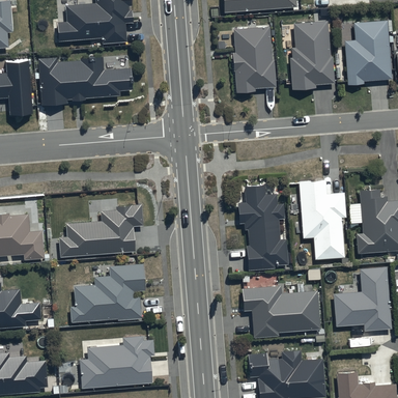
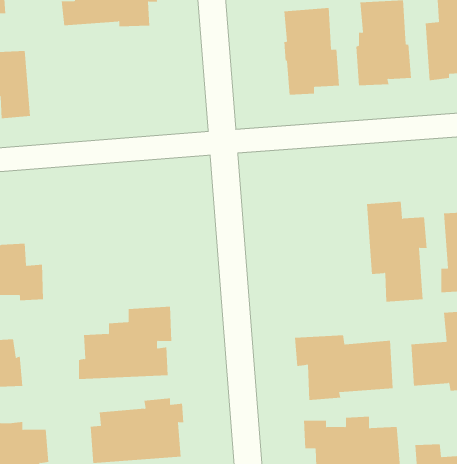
building: [38,55,133,106] -> none
building: [237,186,288,269] -> none
building: [60,205,144,256] -> none

